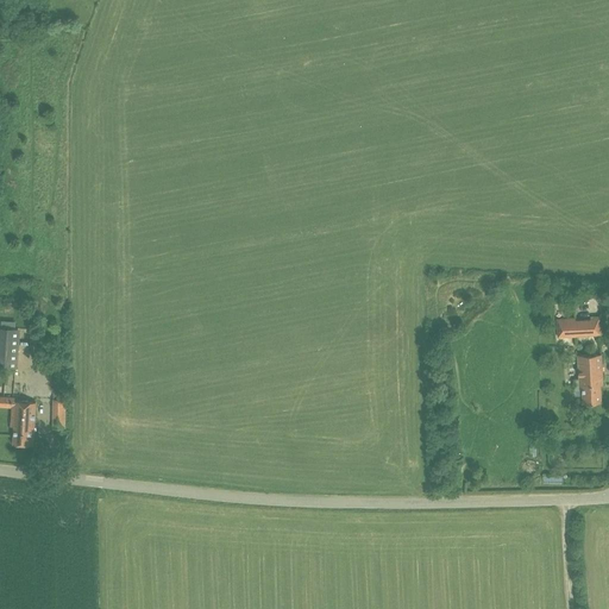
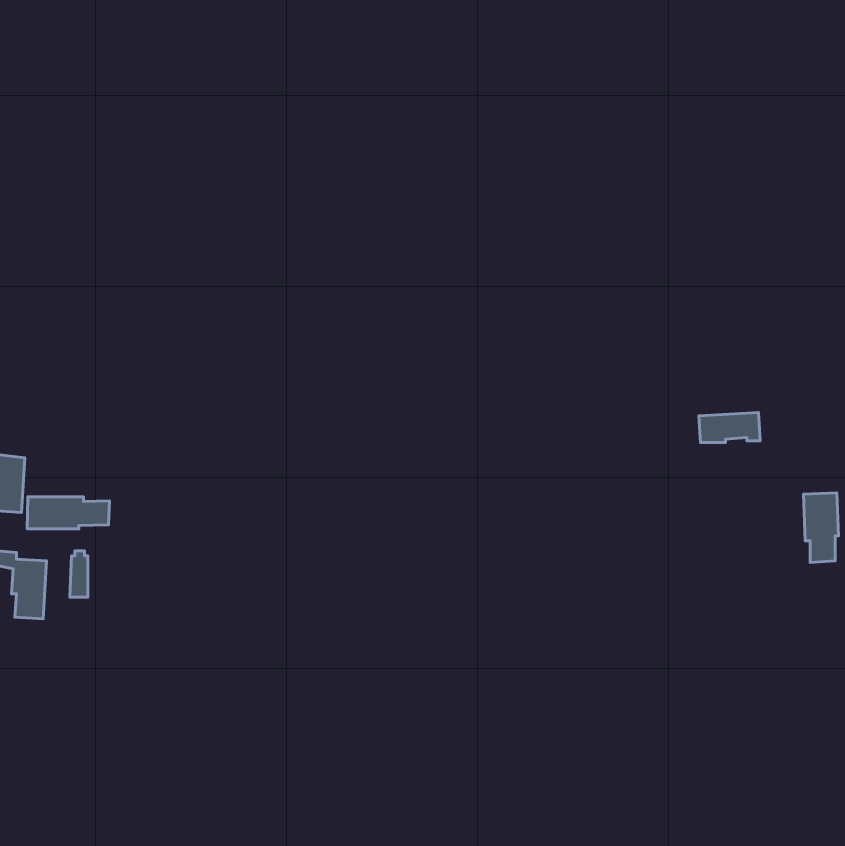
building: [554,316,598,338] -> [699,413,760,443]
building: none -> [27,497,109,529]

